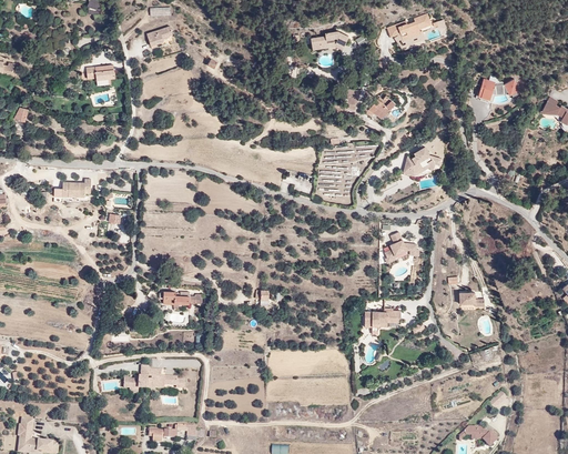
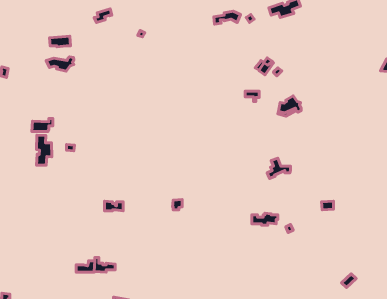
building: [478,78,520,100] -> none
building: none -> [46,57,74,71]
building: none -> [36,135,52,165]

